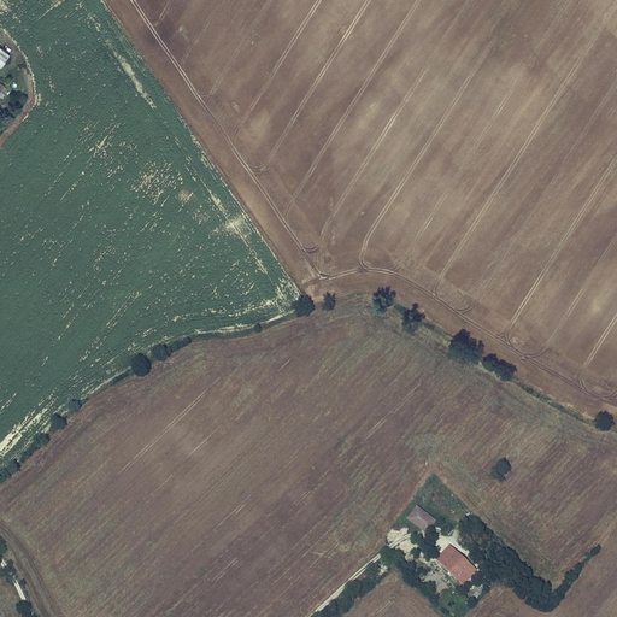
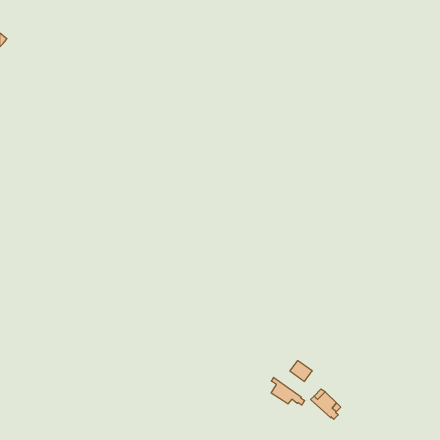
building: none -> [271,377,305,405]

